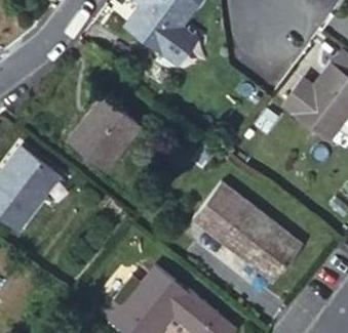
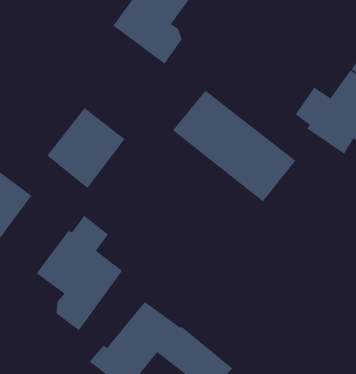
building: [191,183,299,281] -> [172,90,296,202]
building: none -> [36,215,123,331]

